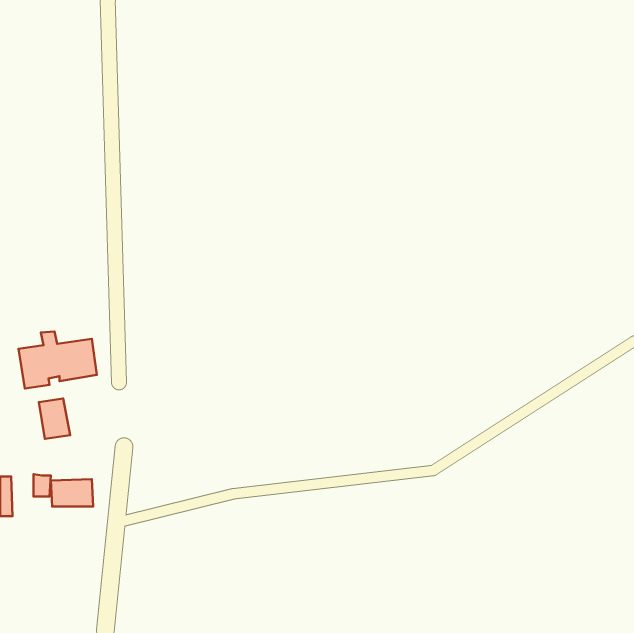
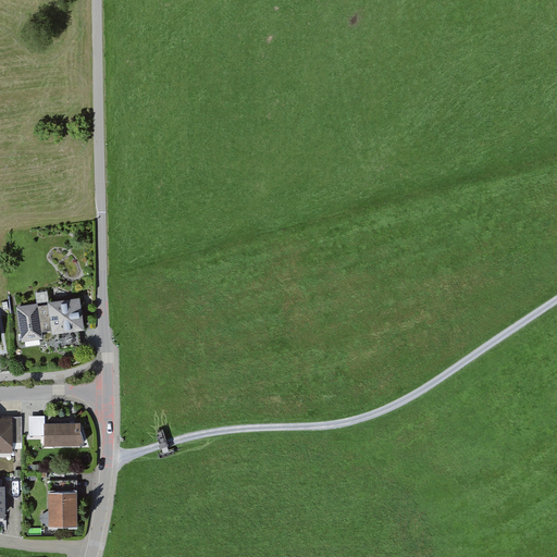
building: [39,399,70,439] -> none
building: none -> [48,491,77,532]

